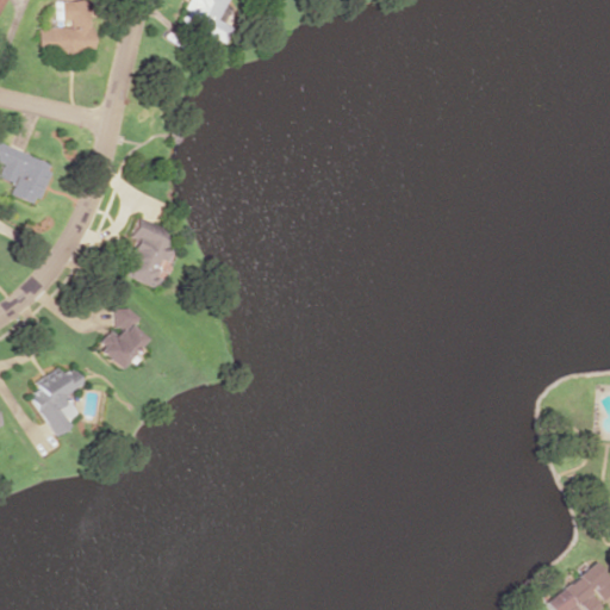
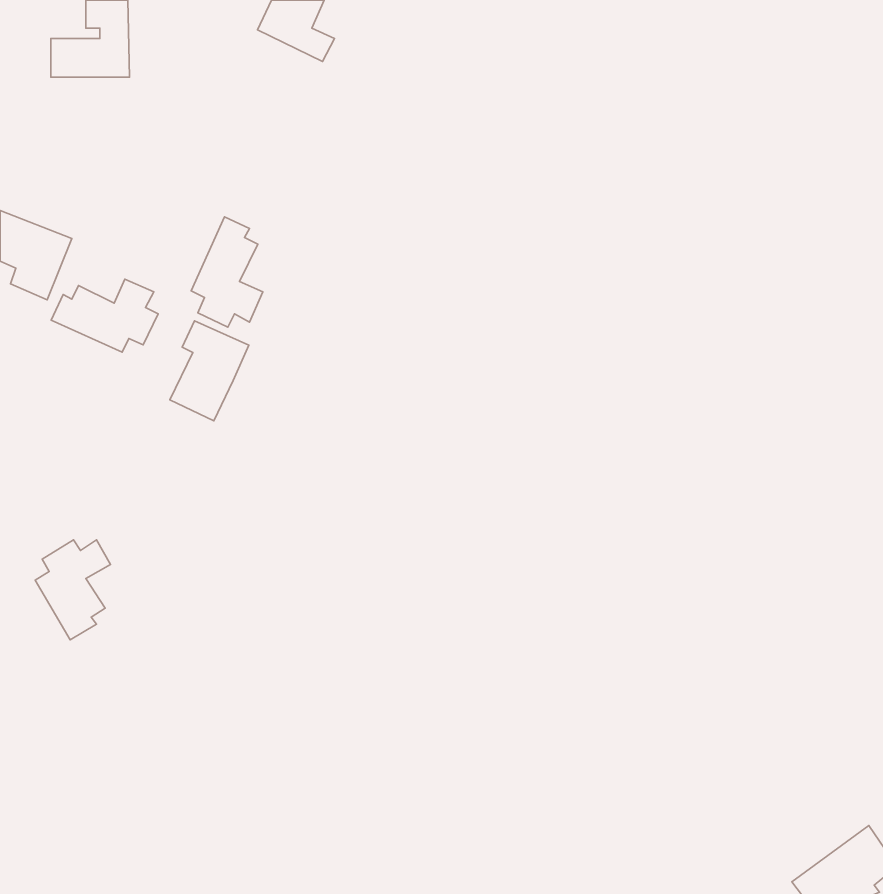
building: none -> [191,217,263,327]
building: none -> [51,279,158,352]
building: [94,307,148,368] -> none

